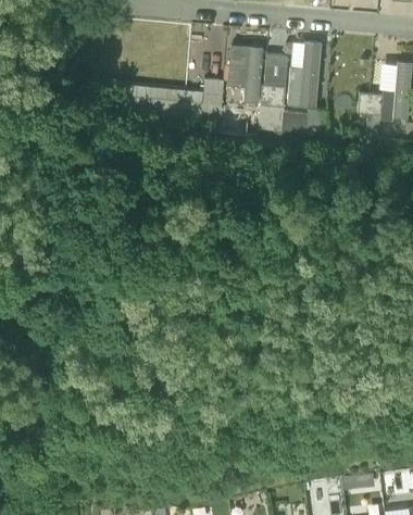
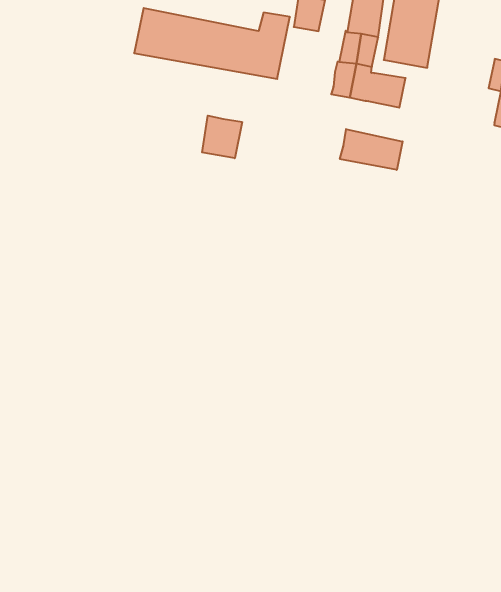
building: none -> [340,129,403,170]
building: none -> [202,116,242,158]

